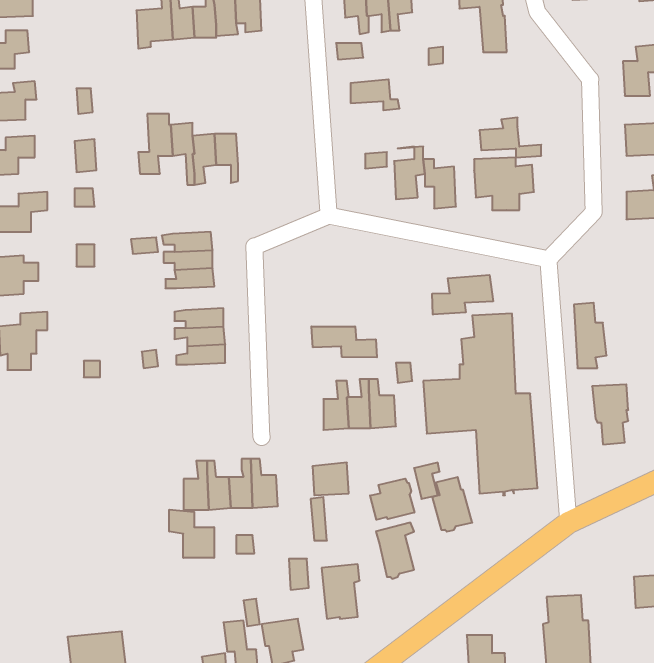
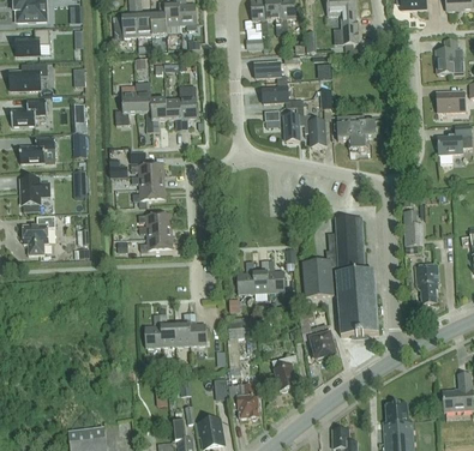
building: none -> [179,86,197,130]
building: [479,118,541,157] -> [262,82,302,108]
building: [432,275,493,315] -> none
building: [311,326,377,357] -> none
building: [370,479,414,520] -> none
building: [169,510,214,558] -> none

